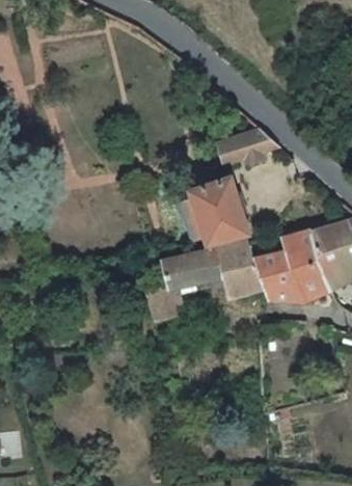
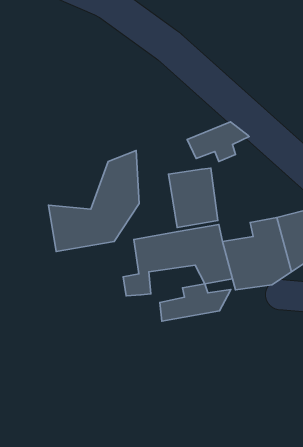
building: none -> [49,151,139,252]
building: none -> [160,284,231,321]

